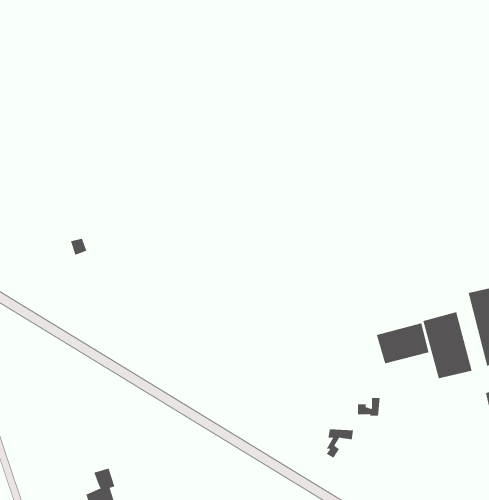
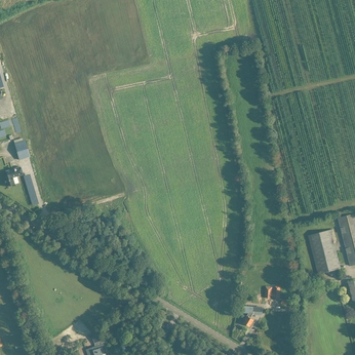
building: [376,323,429,364] -> none

